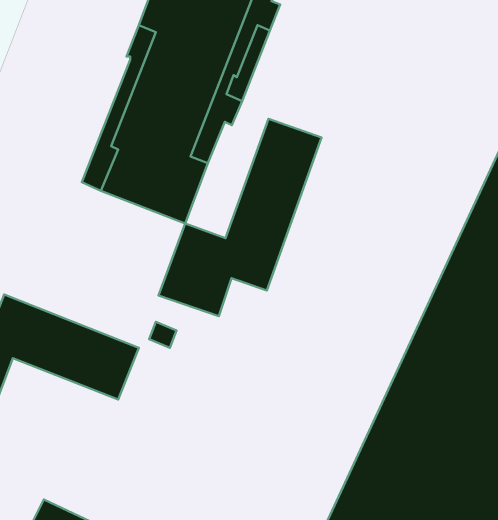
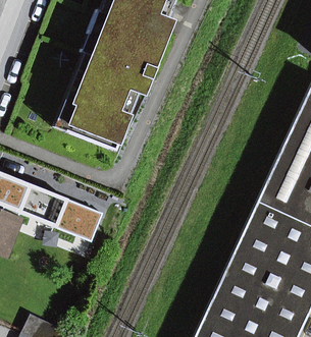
building: [158,119,321,316] -> none

